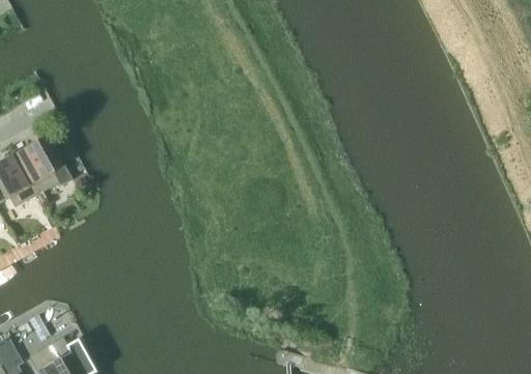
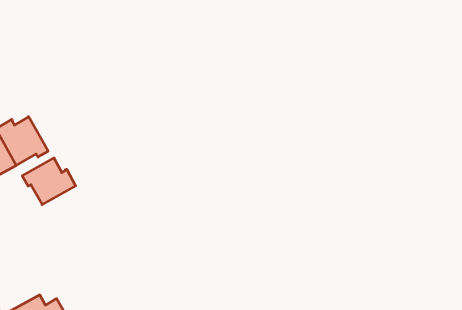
building: none -> [22,158,76,205]

